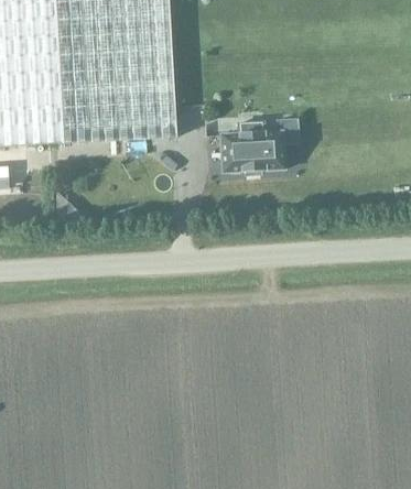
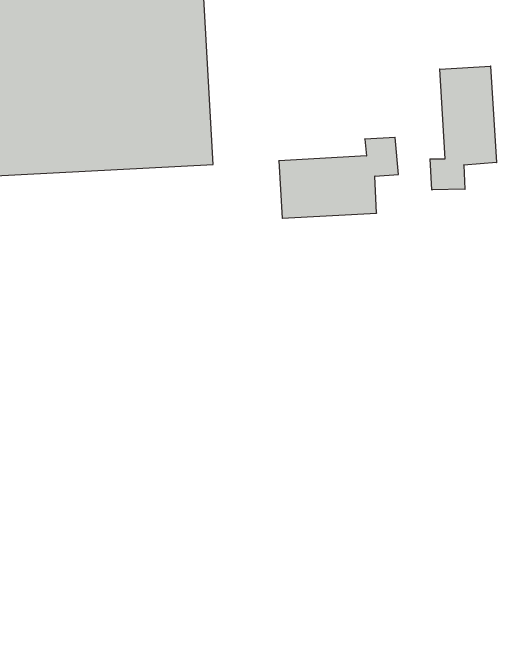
building: none -> [430,66,497,190]

